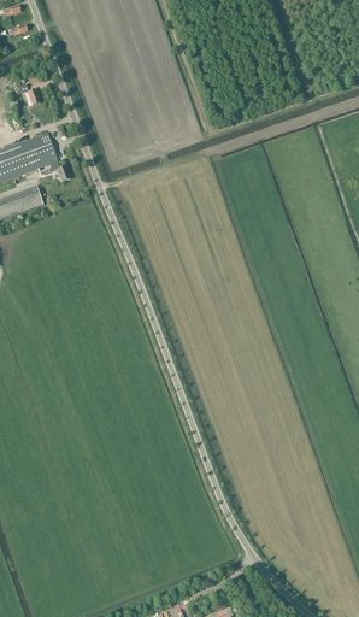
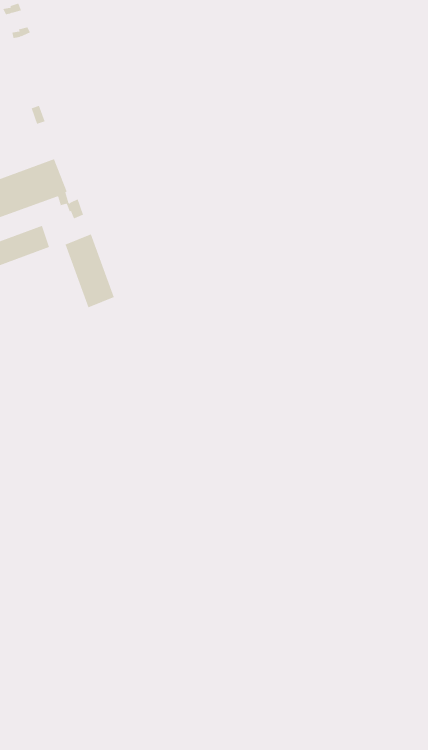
building: none -> [65,234,114,308]

